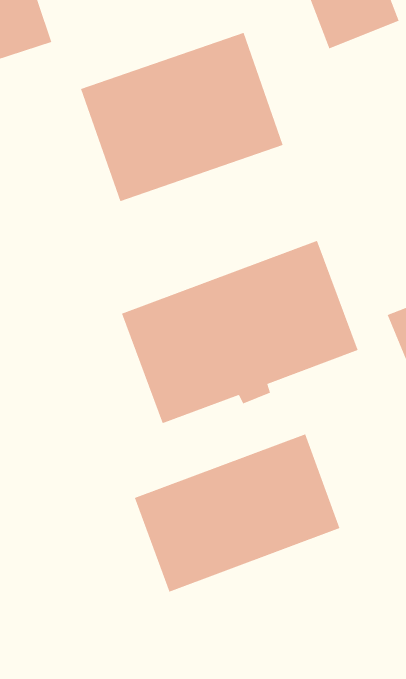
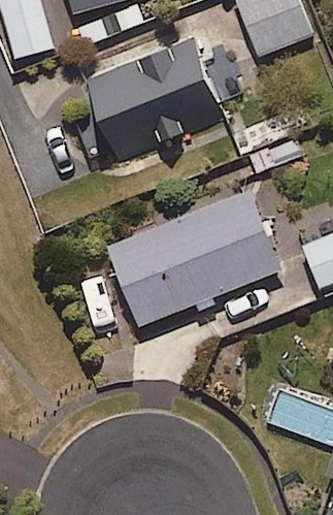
building: [134,434,340,592] -> none

